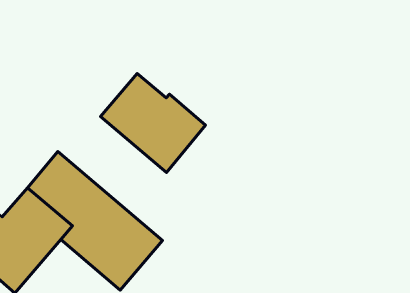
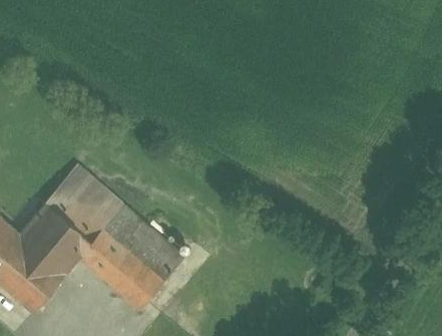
building: [100,73,205,172] -> none

